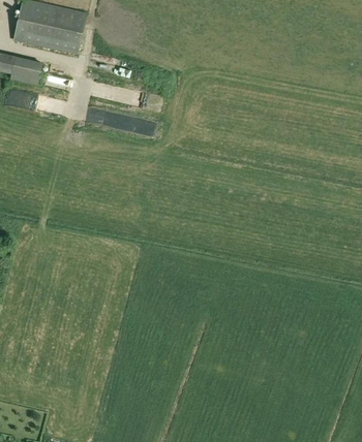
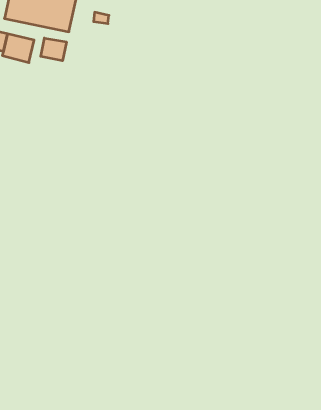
building: none -> [41,38,66,61]

